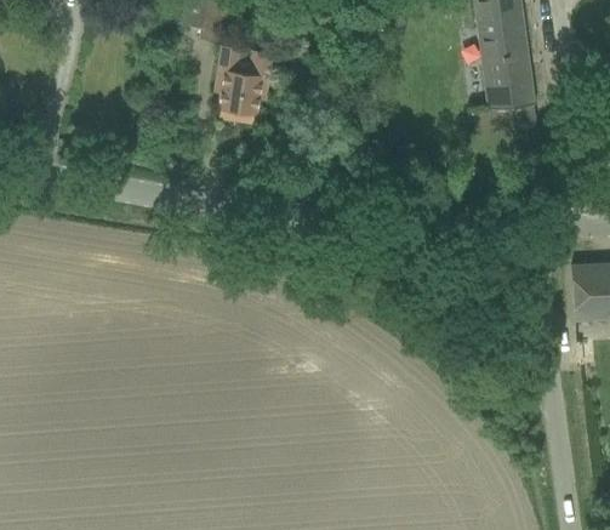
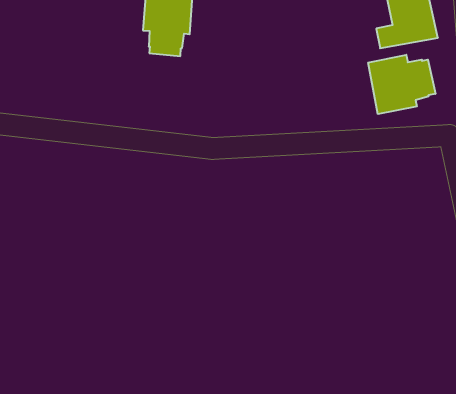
building: none -> [368,55,435,114]

